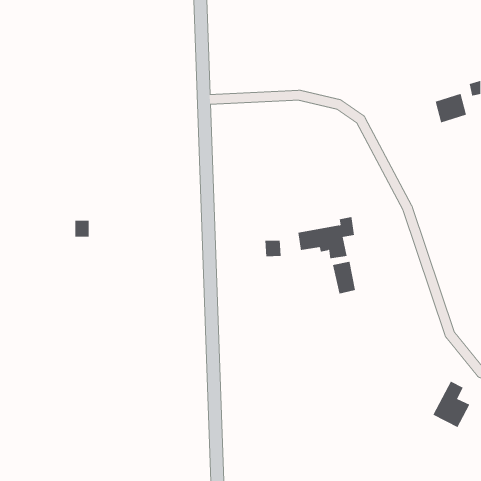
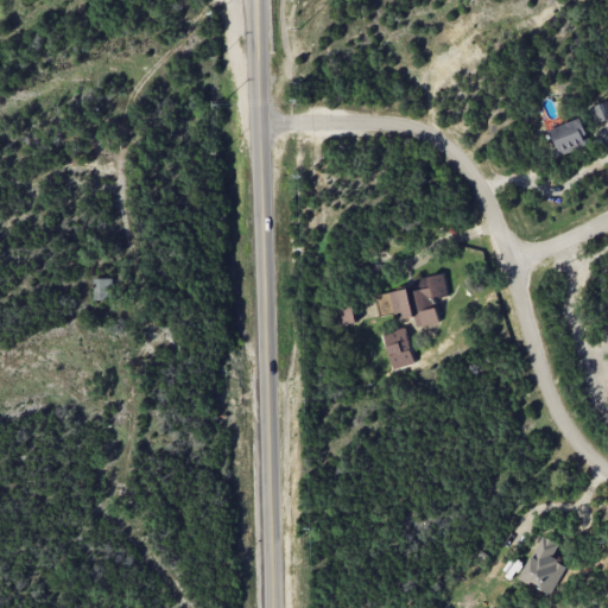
building: [332,261,356,294] -> [384,328,413,369]
building: [433,381,470,428] -> [519,536,566,595]

